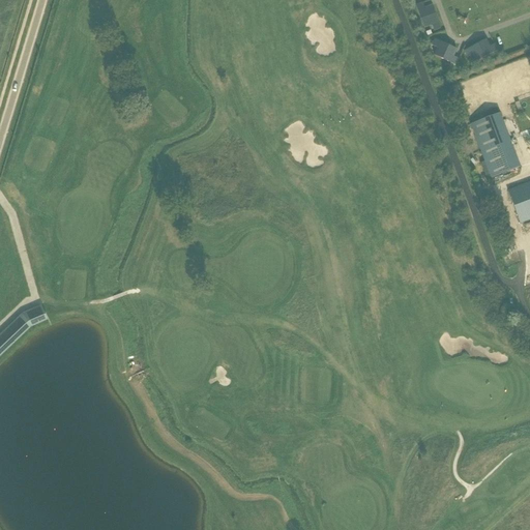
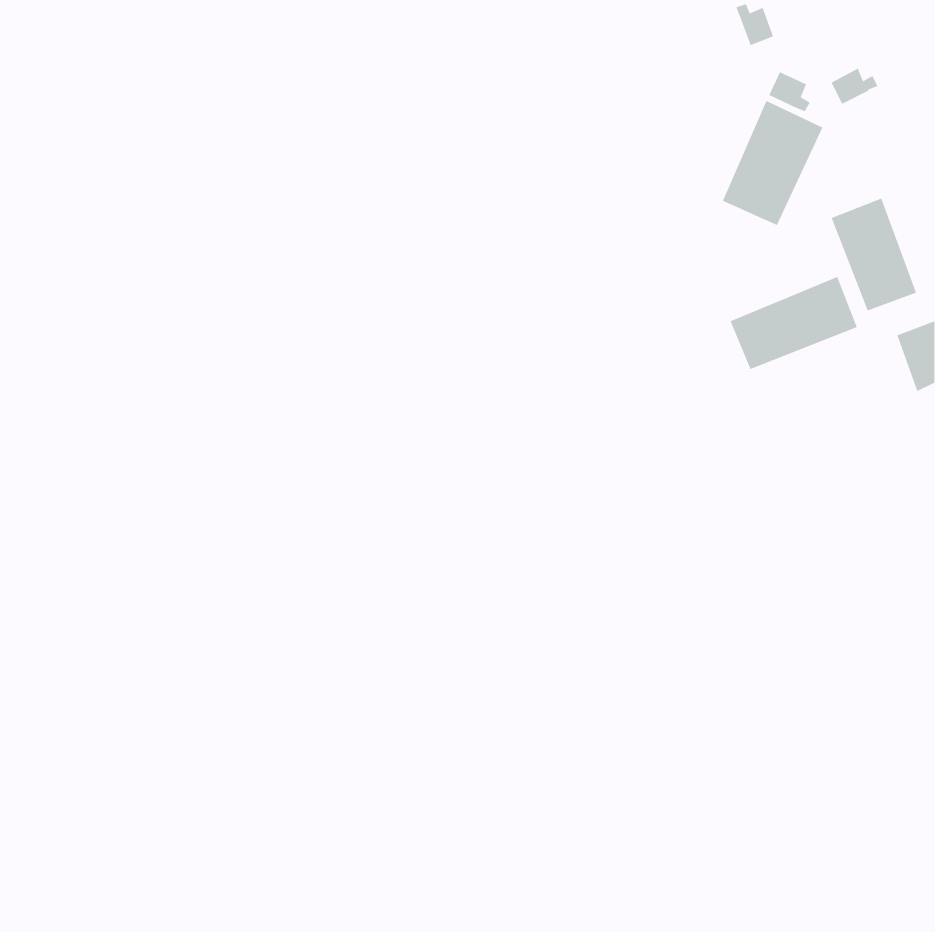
building: none -> [722,100,823,226]
building: none -> [730,276,858,370]

